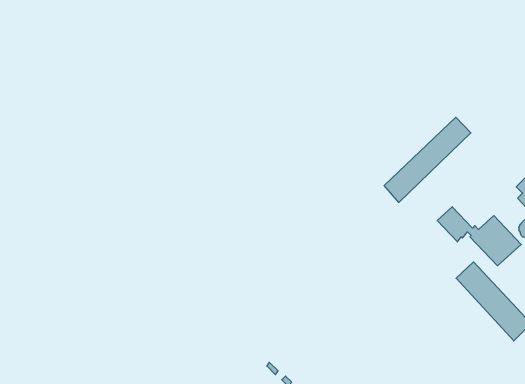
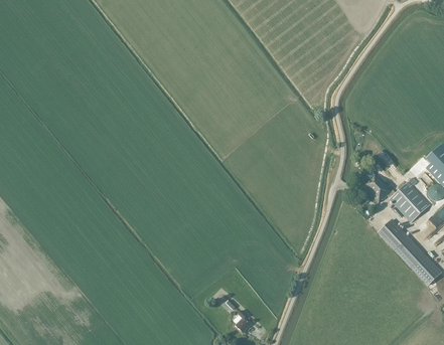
building: [384,117,471,202] -> none

